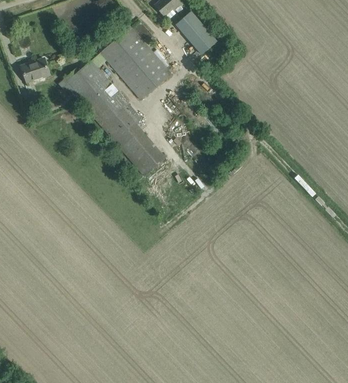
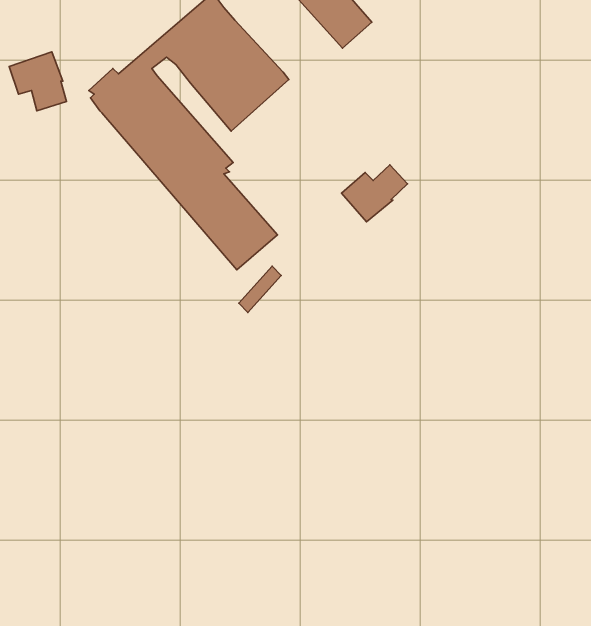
building: none -> [342,165,408,222]

